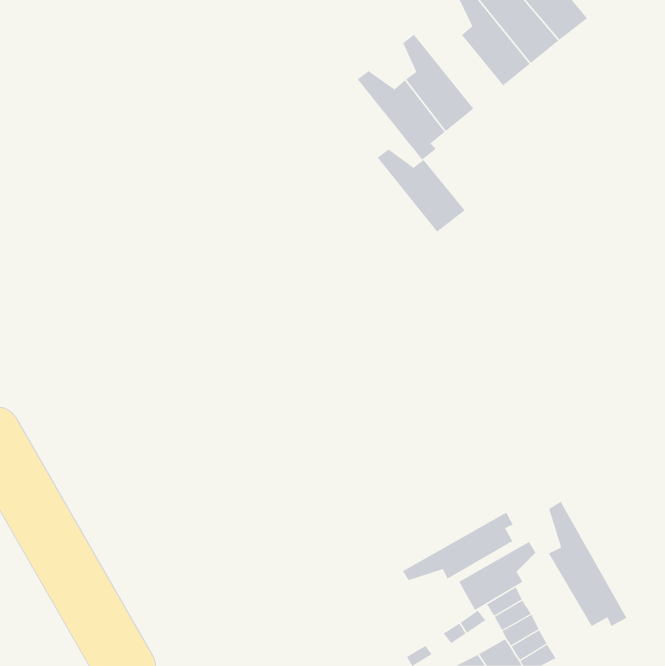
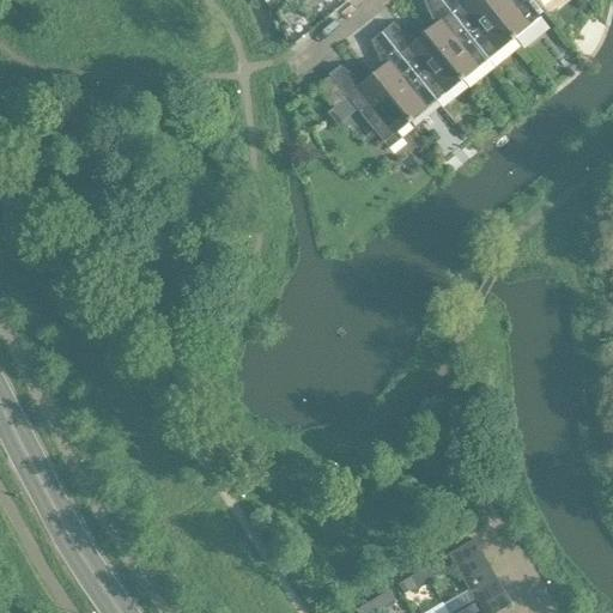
building: [377,149,466,232] -> [380,23,461,99]
building: [548,501,627,627] -> none
building: [402,512,514,581] -> none
building: [458,541,536,611] -> none

